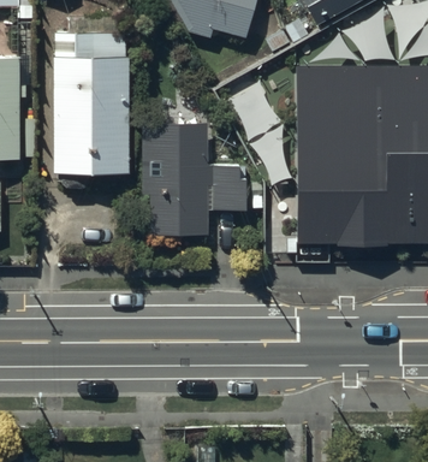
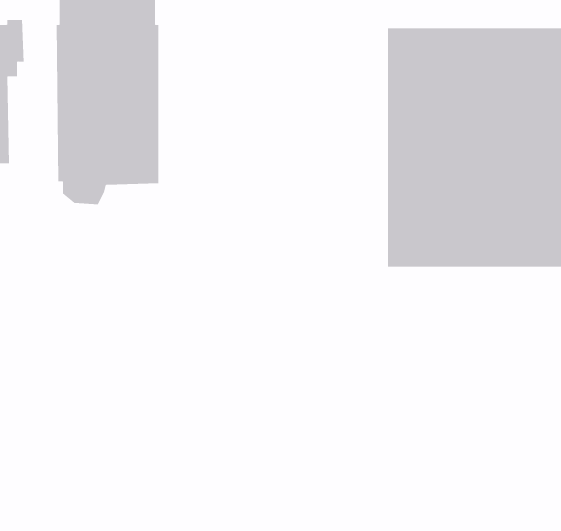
building: [147,128,246,233] -> none

